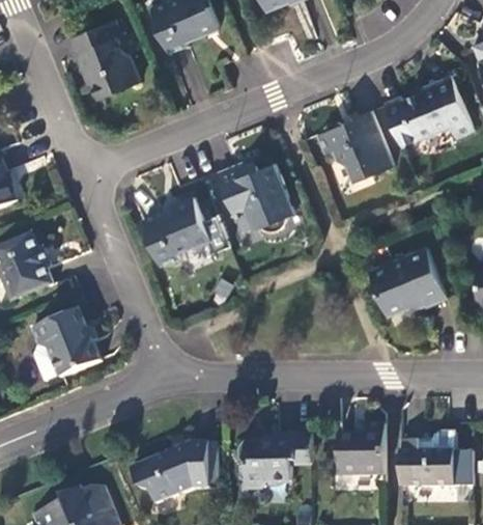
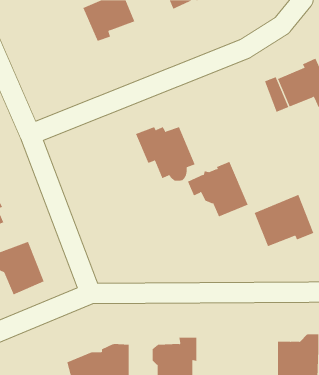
building: [67,21,139,101] -> none
building: [314,109,393,181] -> [187,161,248,217]
building: [142,197,229,267] -> none
building: [339,422,385,475] -> none

